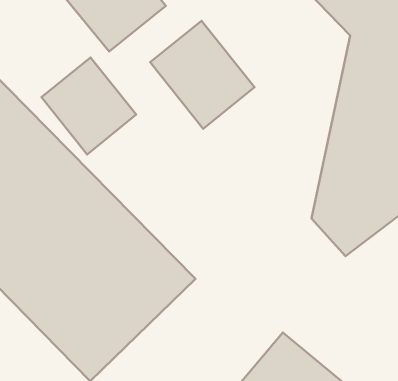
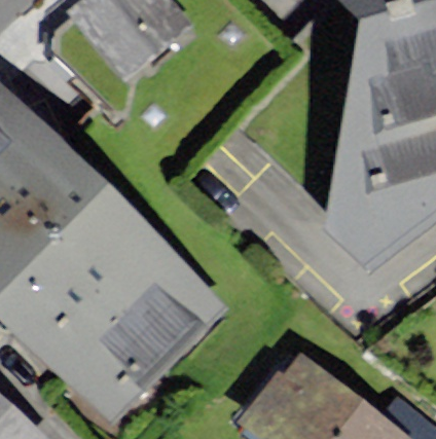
building: [150,21,255,129] -> none
building: [41,57,136,154] -> none

